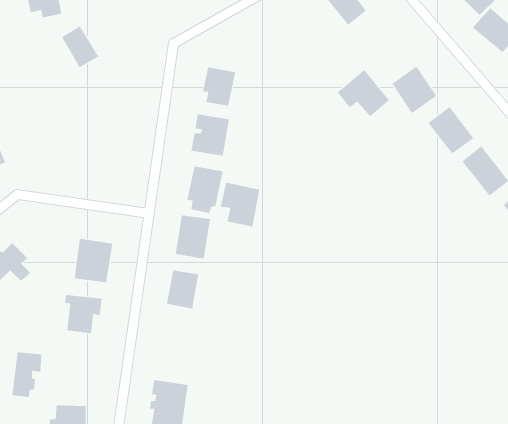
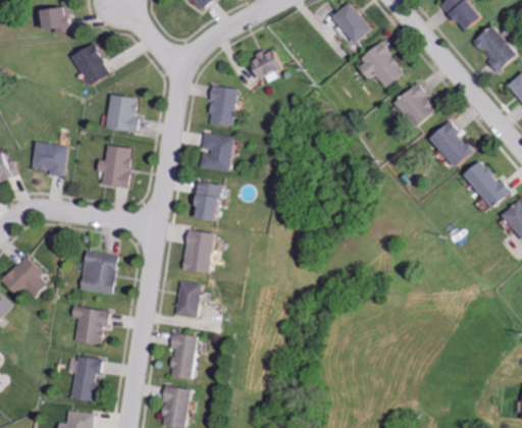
building: none -> [250,52,284,86]
building: [337,69,390,117] -> [350,43,401,89]
building: none -> [108,93,140,131]
building: none -> [36,140,68,176]
building: none -> [100,144,134,185]
building: [220,182,260,227] -> none
building: none -> [168,333,201,381]
building: [11,352,42,398] -> [73,353,103,396]

